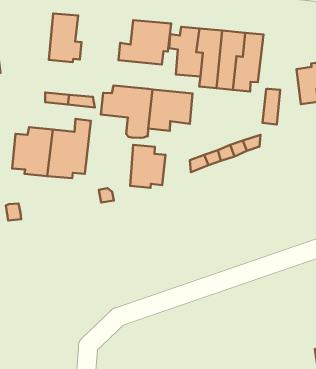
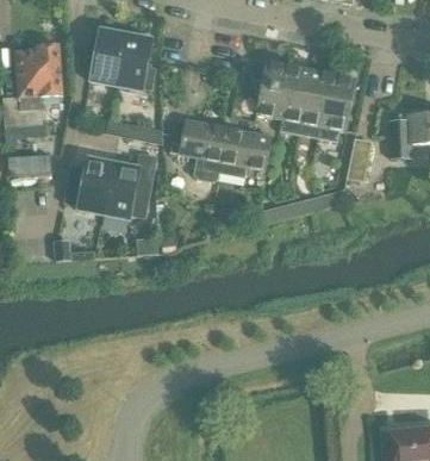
building: none -> [88,29,126,85]
building: [119,20,171,64] -> none
building: [130,145,165,188] -> none

